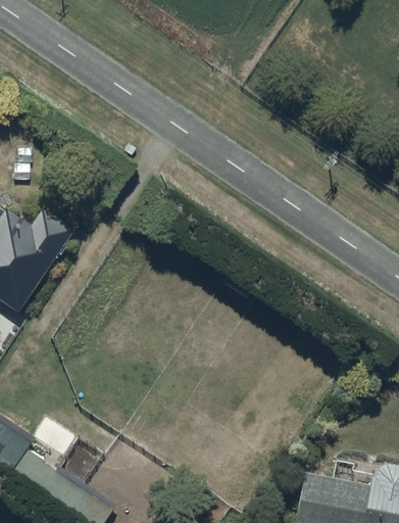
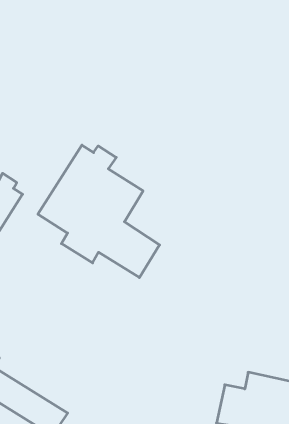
building: none -> [38,145,160,278]

